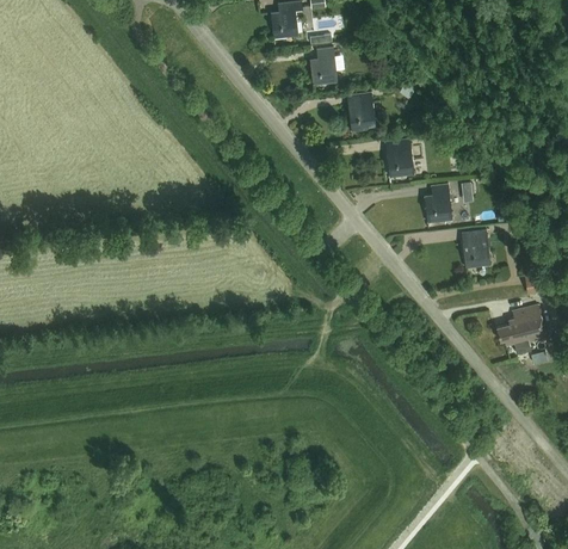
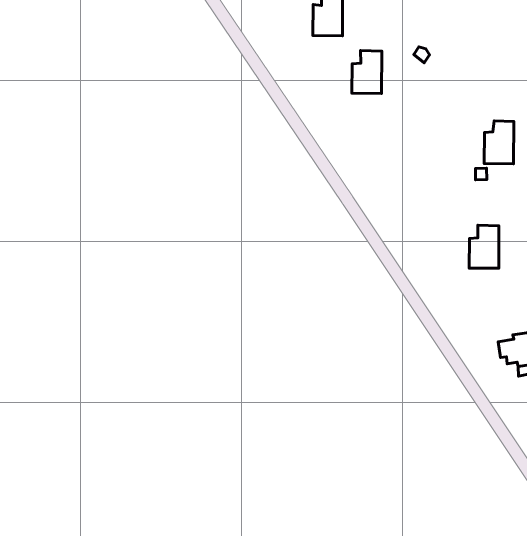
building: [385,137,413,177] -> none
building: [424,184,451,222] -> [484,121,514,164]

